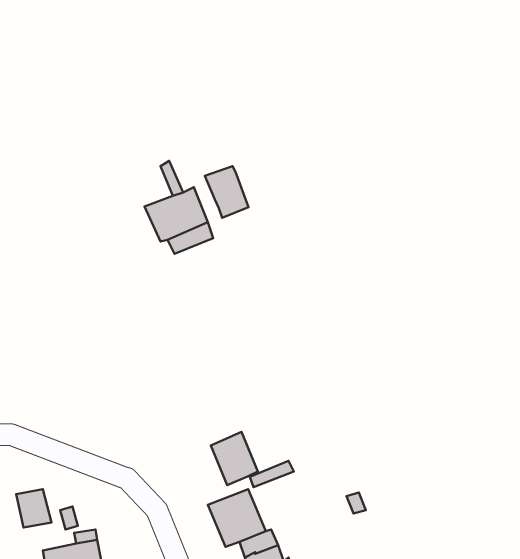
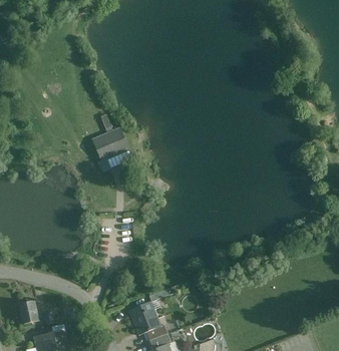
building: [205,166,249,218] -> none
building: [211,432,258,485] -> none

